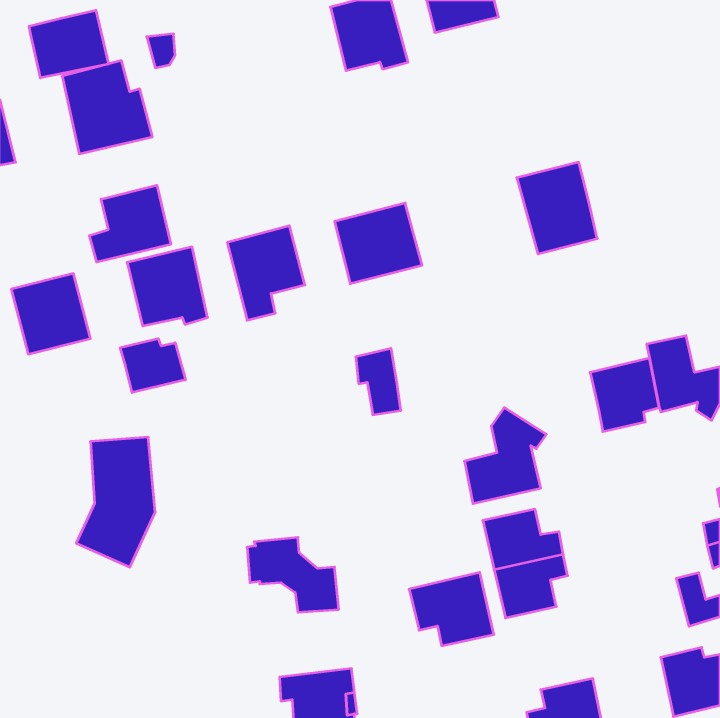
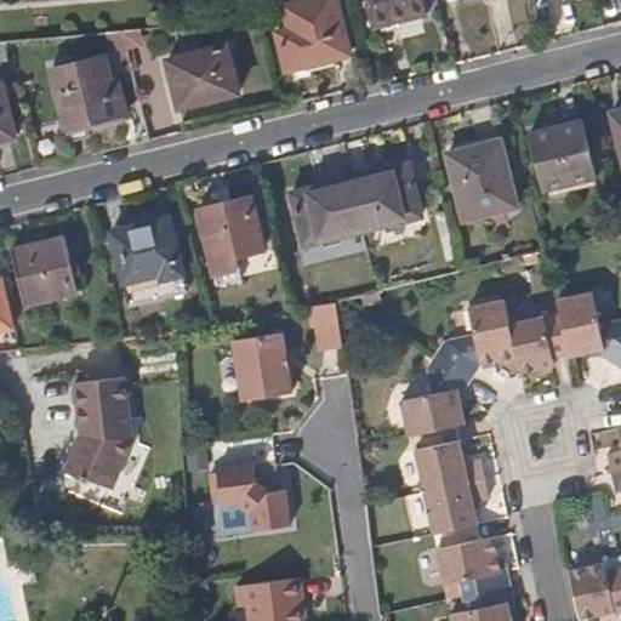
building: [29,10,108,78] -> none
building: none -> [167,49,238,110]
building: none -> [524,121,592,190]
building: [89,185,171,262] -> none
building: none -> [348,163,420,230]
building: [120,339,185,393] -> none
building: none -> [433,297,514,376]
building: none -> [237,334,296,400]
building: [409,572,494,646] -> [437,532,509,596]

